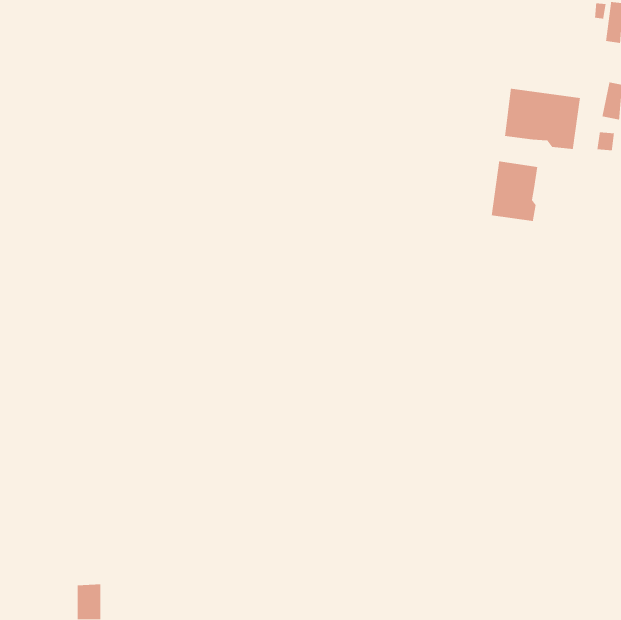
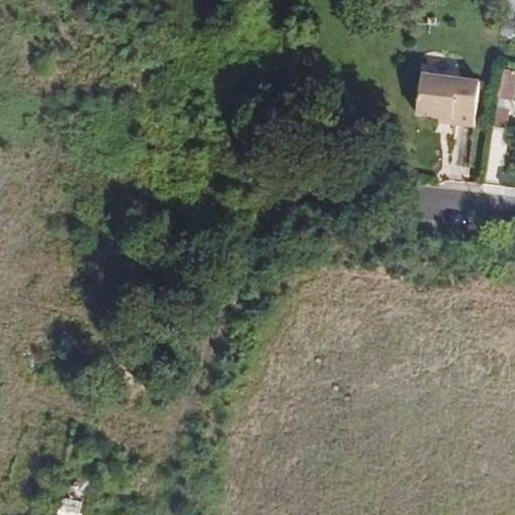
building: [491,160,538,222] -> none

